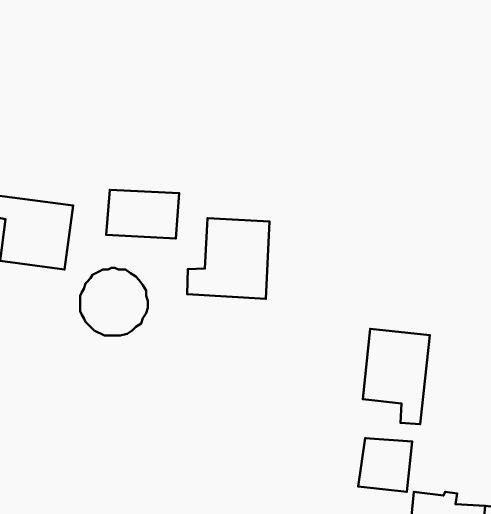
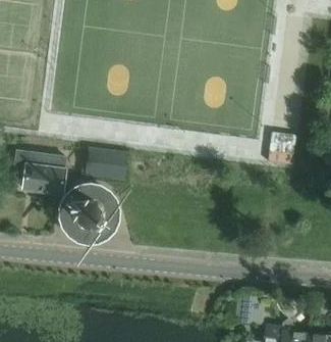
building: [187,218,270,299] -> none
building: [363,329,430,424] -> none

